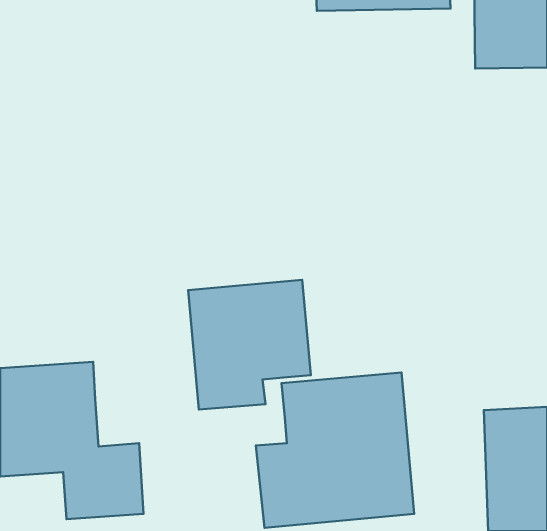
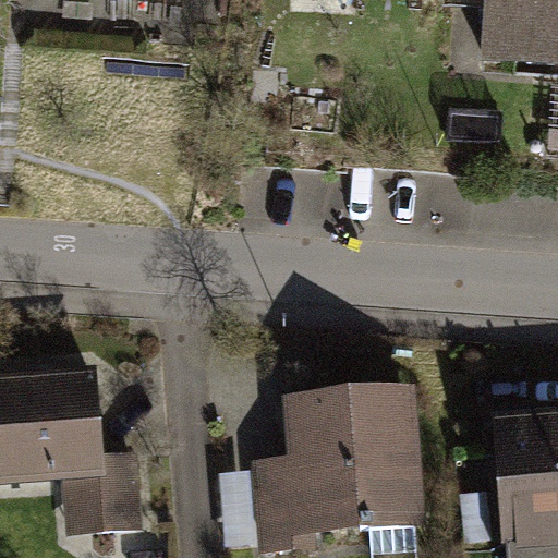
building: [188,280,311,409] -> none

